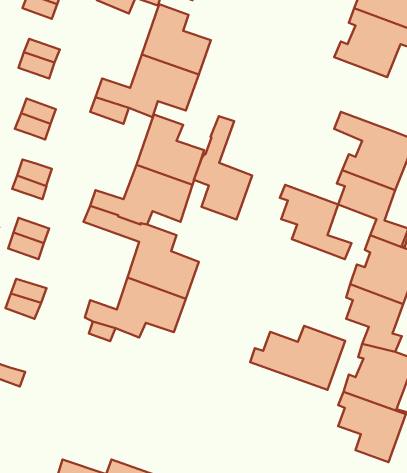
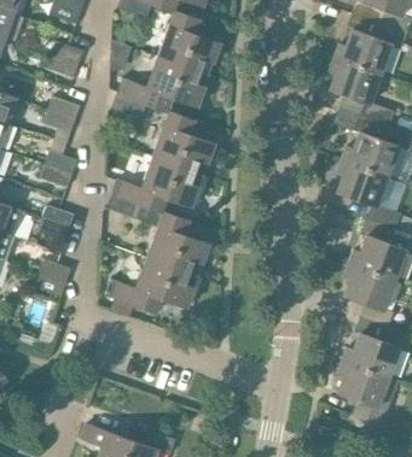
building: [194,116,252,220] -> none
building: [280,185,351,259] -> [329,59,394,127]
building: [250,326,345,390] -> none

